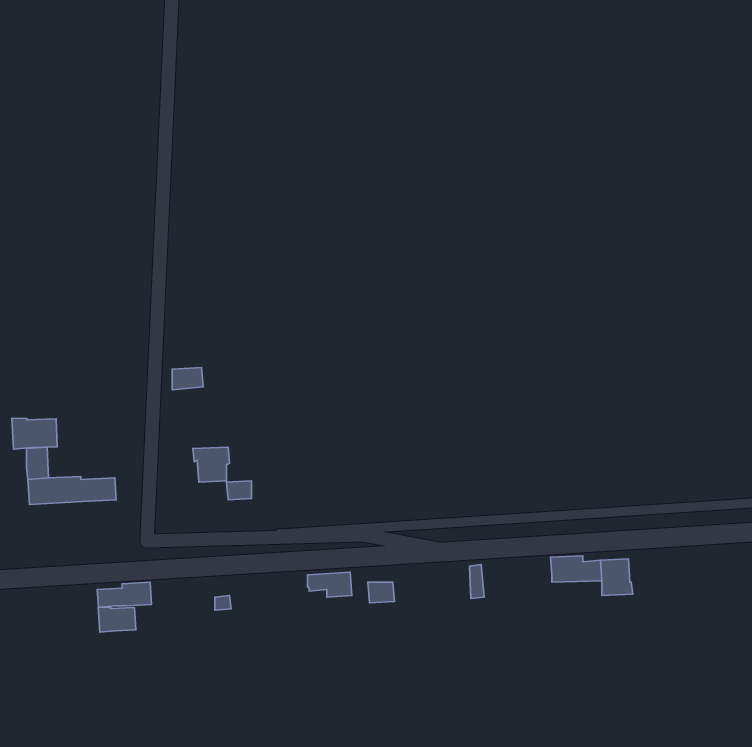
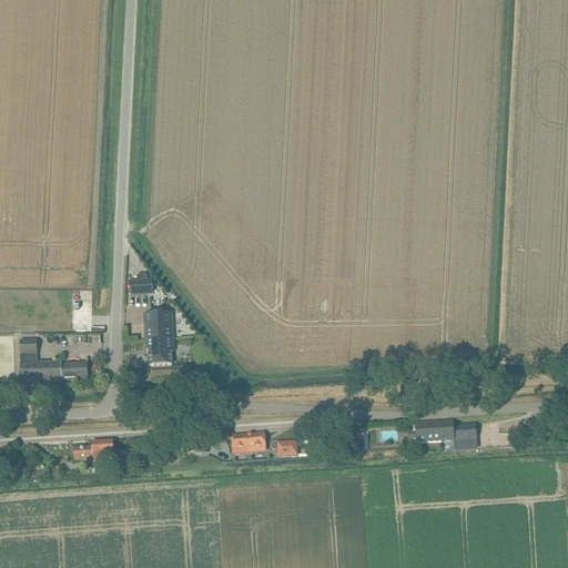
building: none -> [144,312,172,338]
building: [12,418,57,449] -> none
building: [98,607,136,632] -> none

